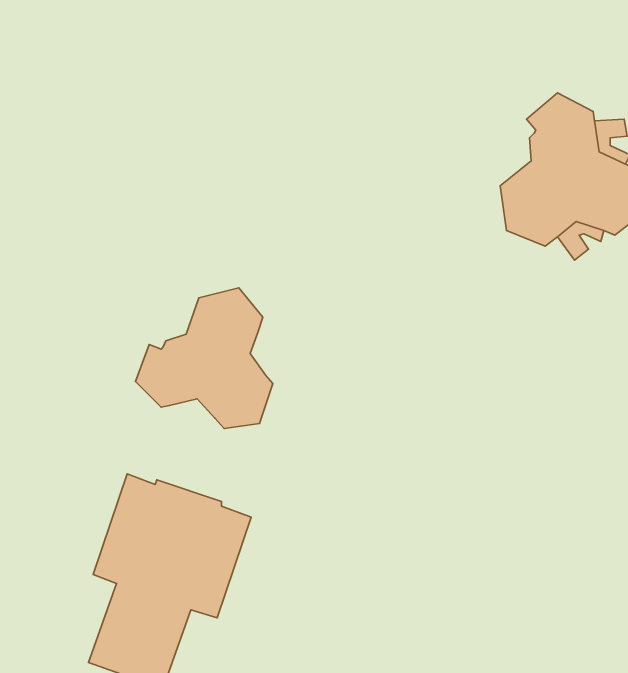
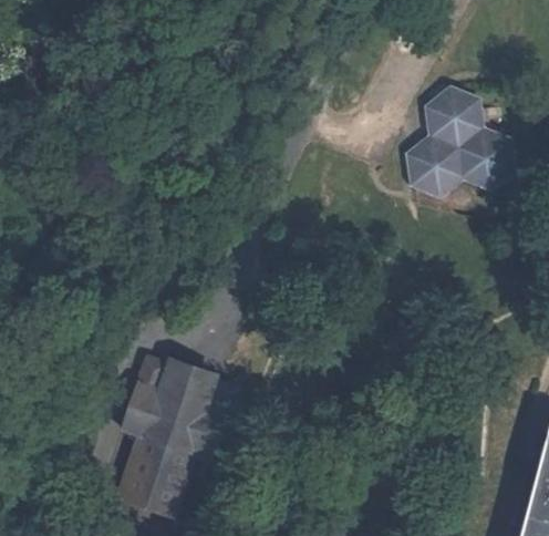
building: [135,288,273,429] -> none

